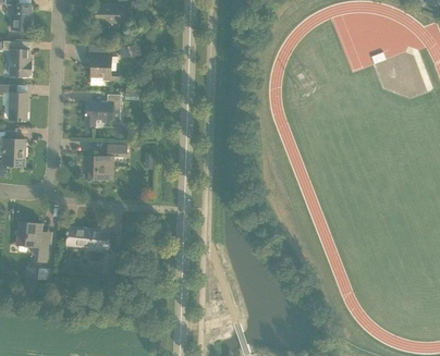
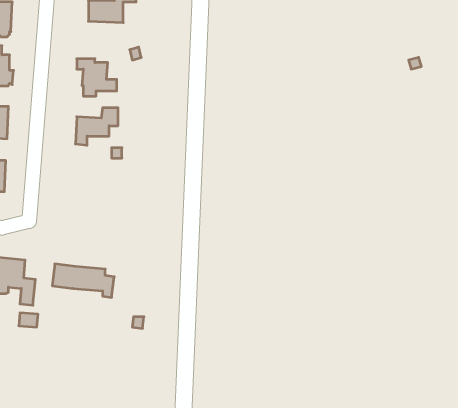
building: [87,145,126,180] -> none

